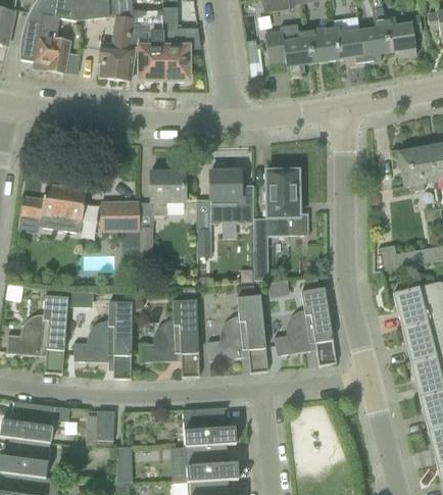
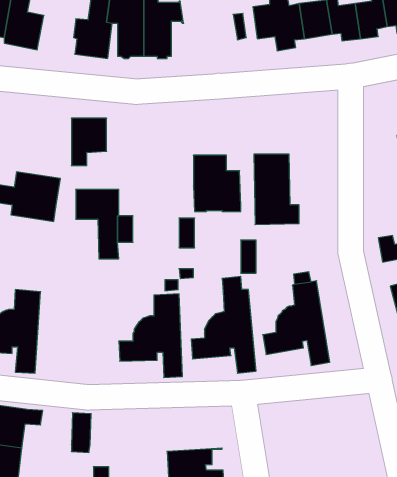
building: [151,170,184,214] -> [71,118,107,166]
building: [73,301,132,378] -> none
building: [183,406,236,445] -> none

